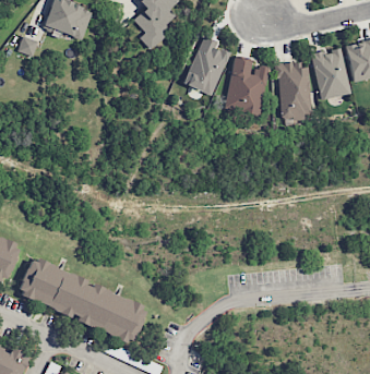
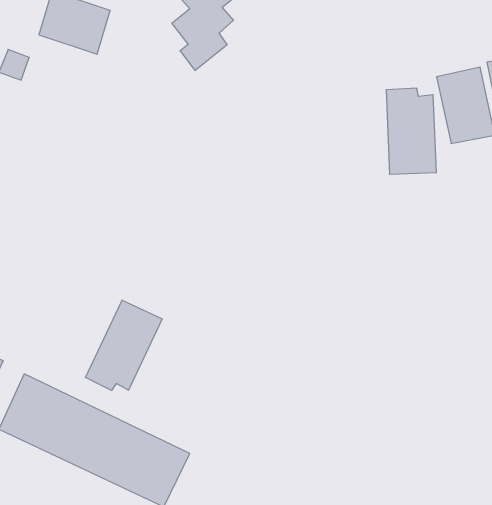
building: [183,36,230,96] -> none
building: [226,57,268,114] -> none
building: none -> [86,300,162,390]

